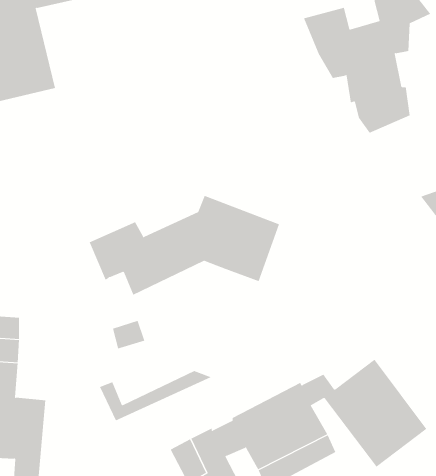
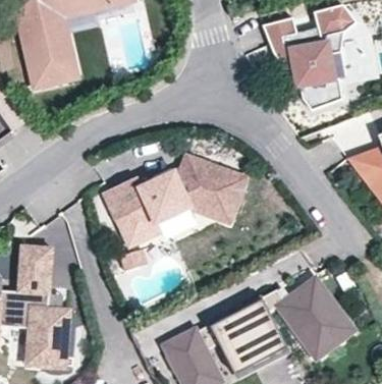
building: [99,370,212,421] -> [118,206,202,243]

